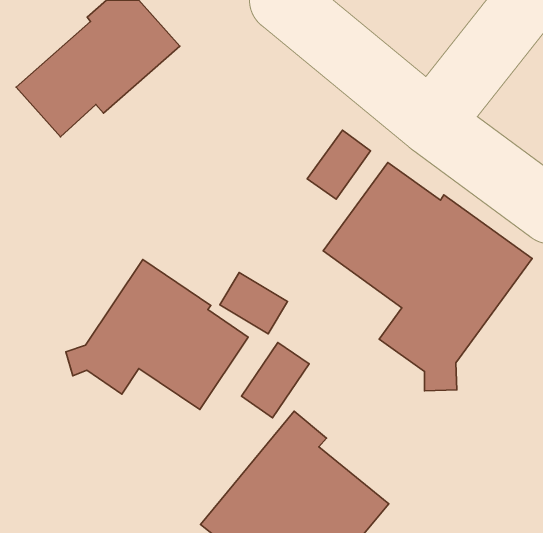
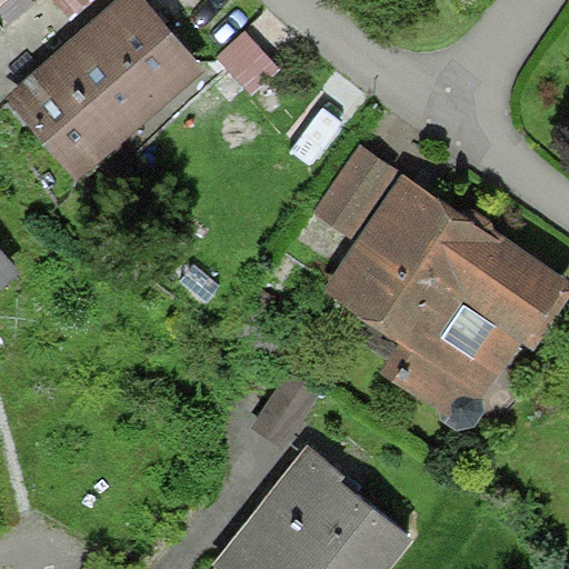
building: [66,259,248,410] -> none

